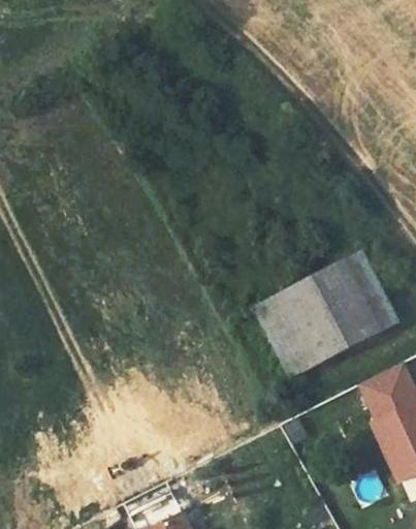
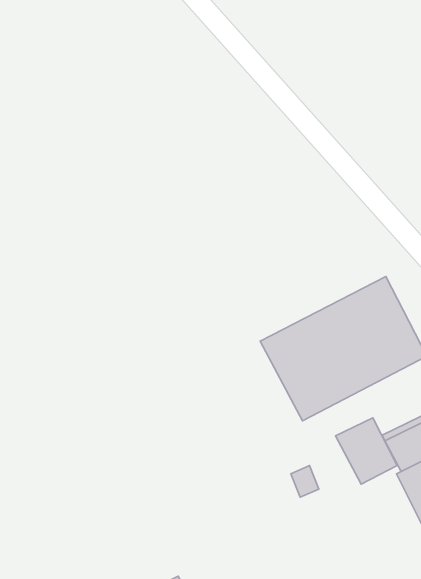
building: none -> [336,418,397,484]

